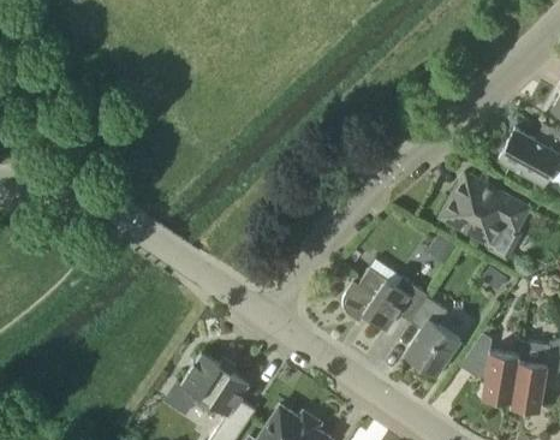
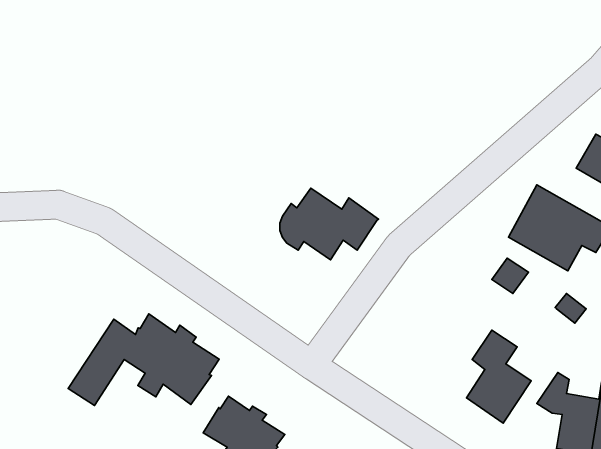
building: [344,269,428,331] -> [280,188,378,260]
building: none -> [68,314,219,405]

